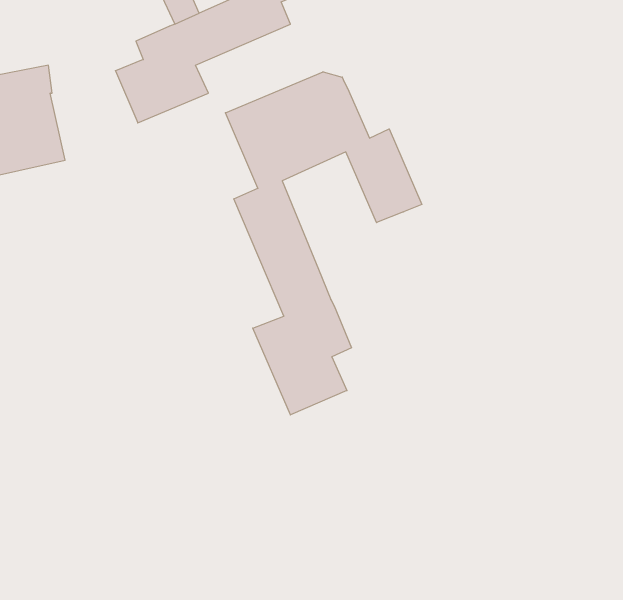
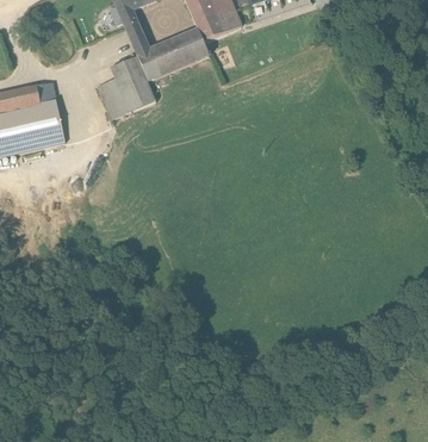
building: [225,72,422,415] -> none

